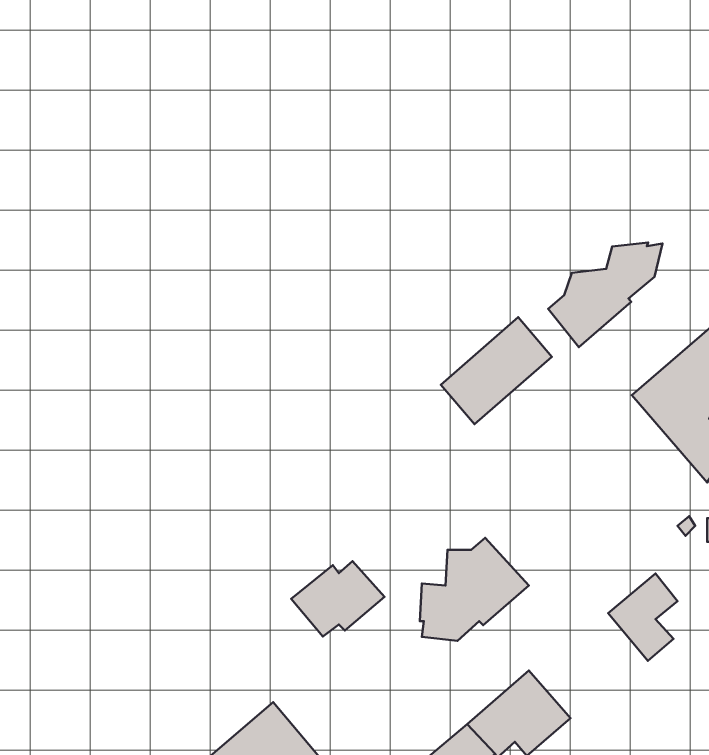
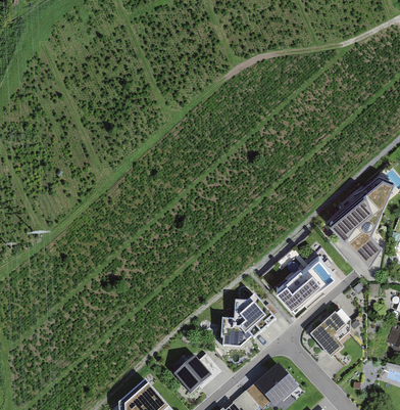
building: [548,243,663,347] -> none
building: [441,317,552,424] -> [284,250,341,306]
building: [291,561,384,636] -> [172,353,220,392]

